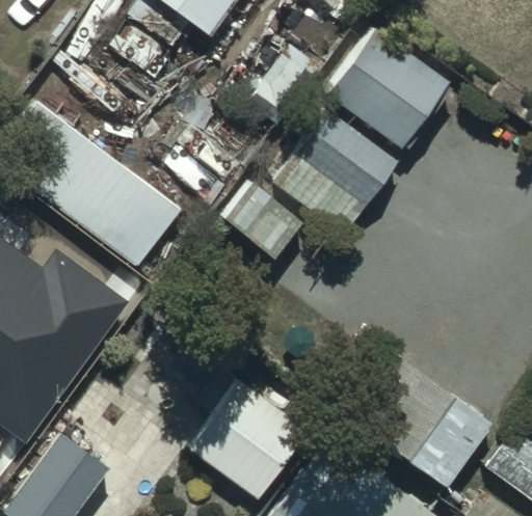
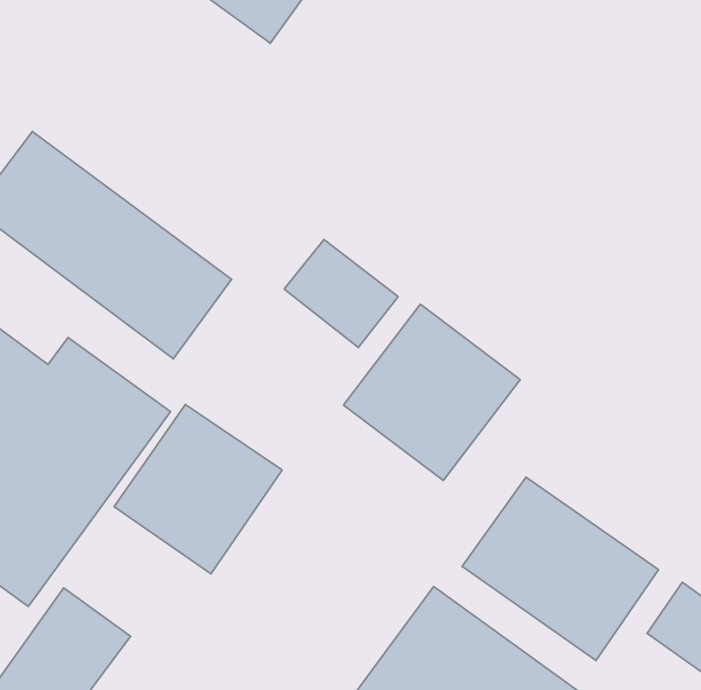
building: [326,25,455,151] -> none
building: [271,107,400,236] -> [344,304,520,481]
building: [187,375,310,498] -> [114,404,282,574]

